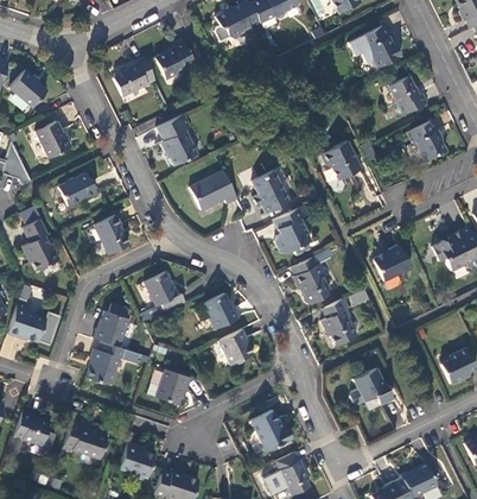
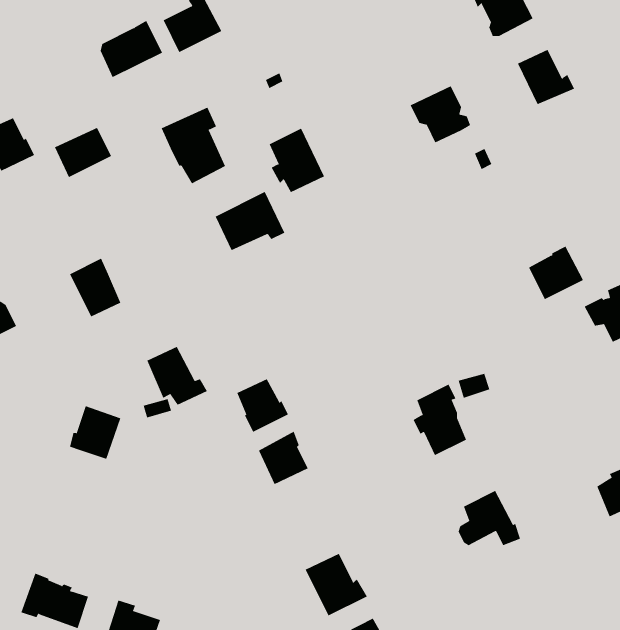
building: [406,121,445,159] -> none
building: [320,140,361,178] -> [410,85,471,143]
building: [252,170,288,213] -> [269,128,325,193]
building: [58,172,96,206] -> [54,127,112,178]
building: [273,208,310,254] -> none
building: [374,245,411,280] -> [528,246,584,300]
building: [292,257,330,304] -> none
building: [87,341,126,385] -> none
building: [154,368,189,404] -> none

